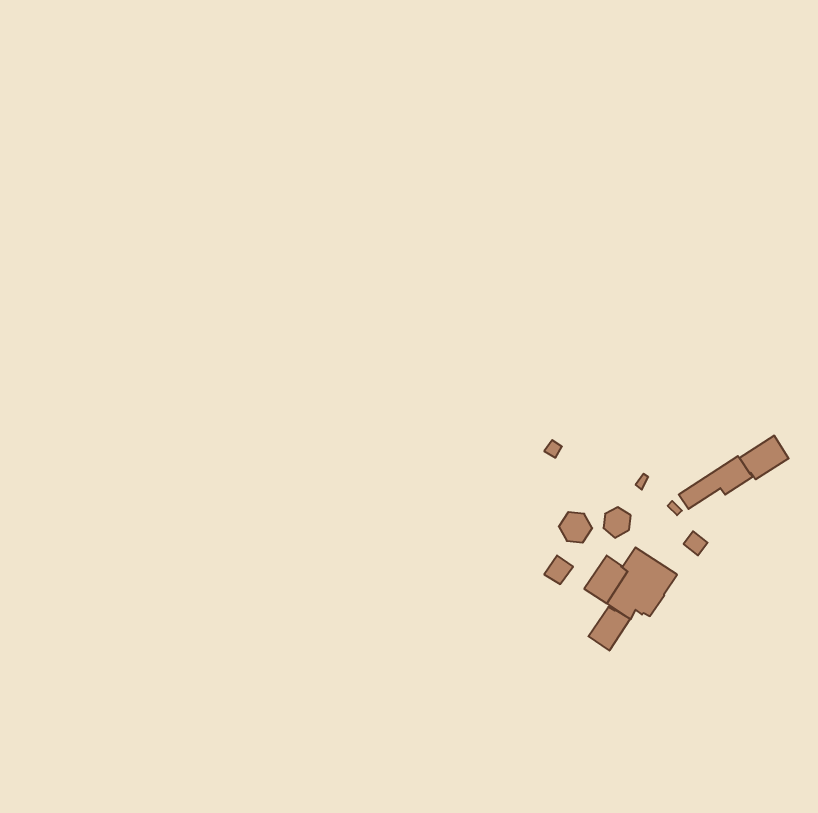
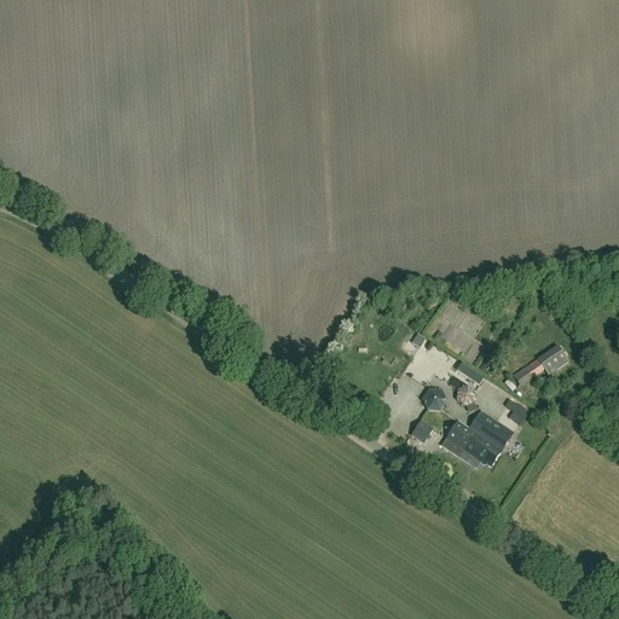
building: [739,435,789,479] -> none
building: [588,607,630,651] -> none

